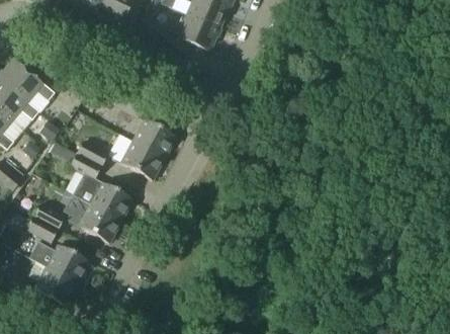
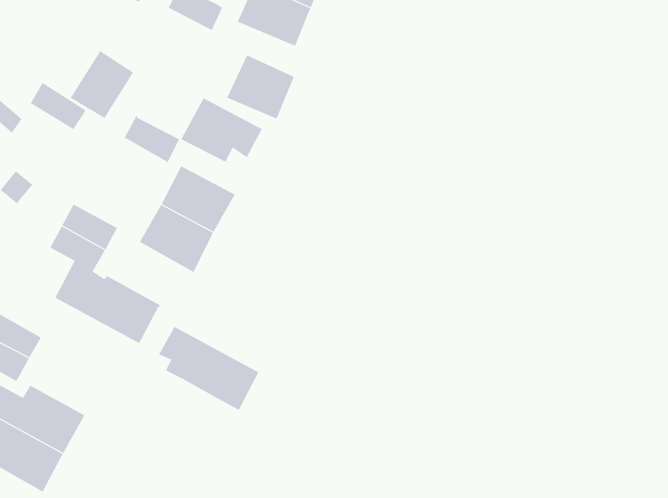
building: none -> [69,50,134,119]
building: none -> [226,55,295,120]
building: none -> [180,98,262,163]
building: [63,193,120,242] -> [158,326,259,411]

